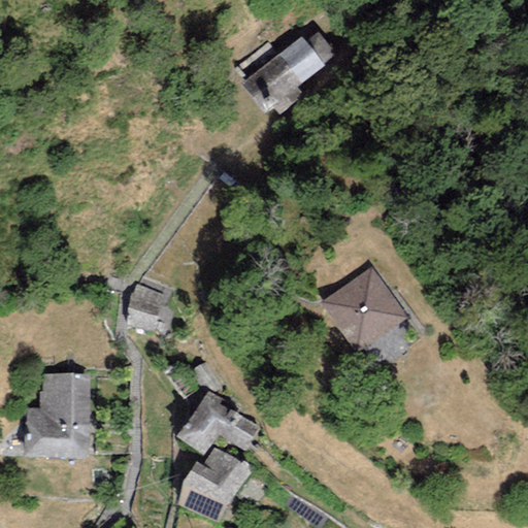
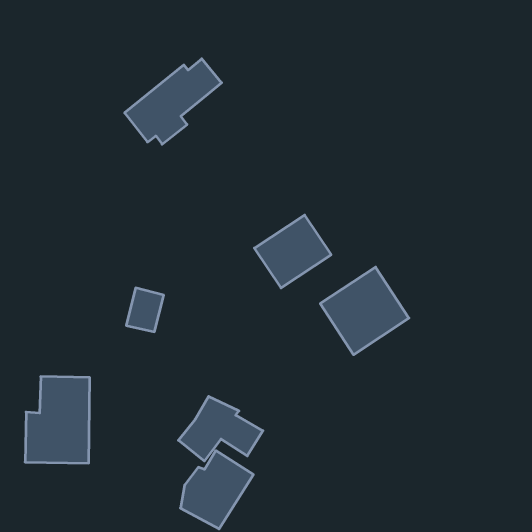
building: [242,30,338,114] -> [125,59,222,144]
building: none -> [254,215,331,288]

